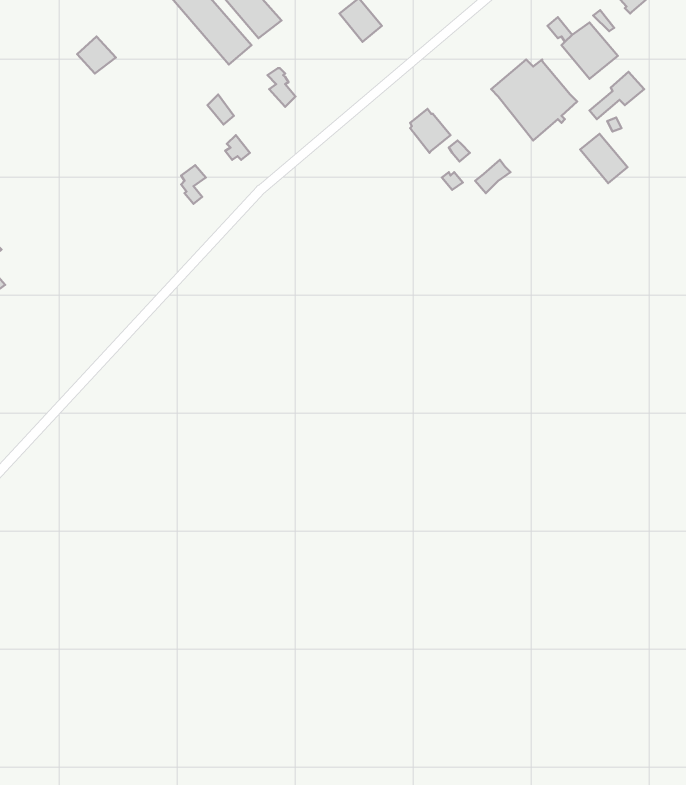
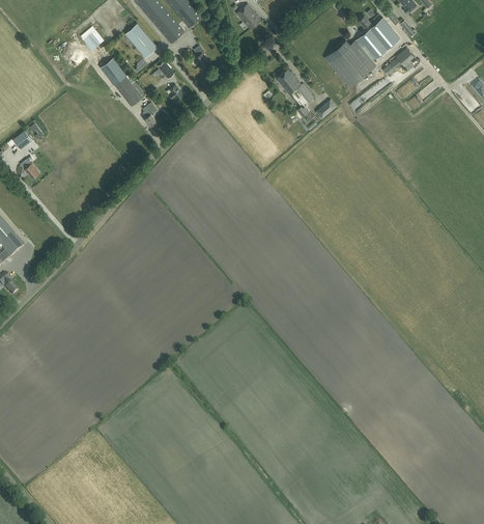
building: none -> [125,24,158,58]
building: none -> [99,58,142,106]
building: [580,134,628,183] -> [355,32,383,61]

